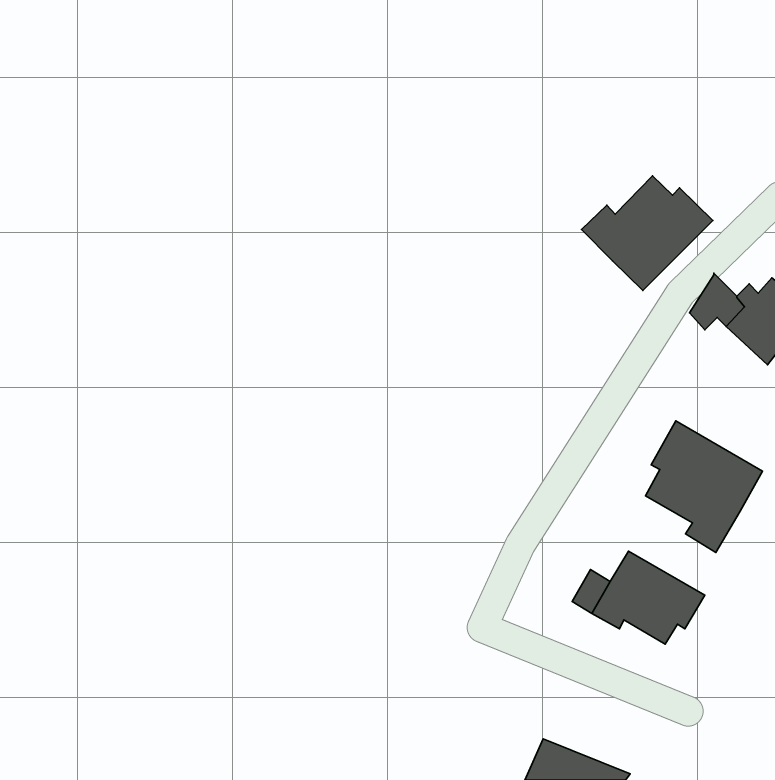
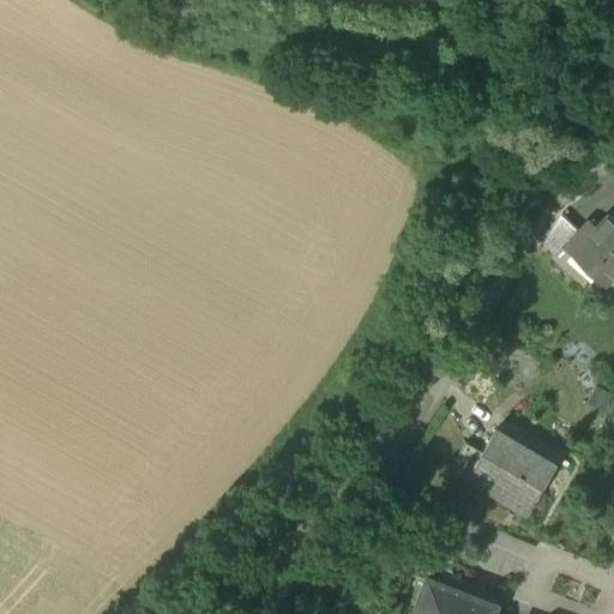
building: [582,176,713,290] -> none
building: [645,421,763,552] -> none

